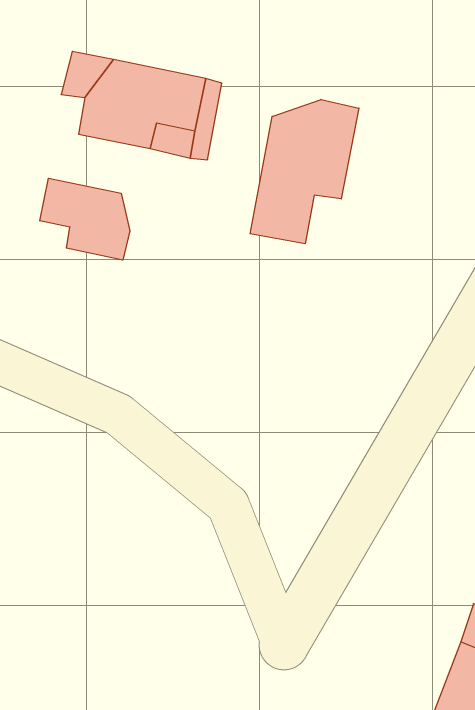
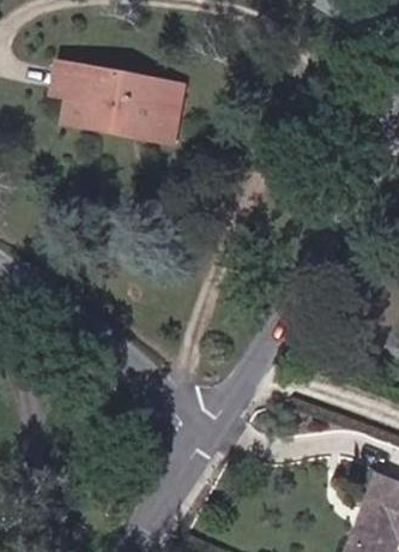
building: [250,99,359,244] -> none
building: [40,178,130,260] -> none

